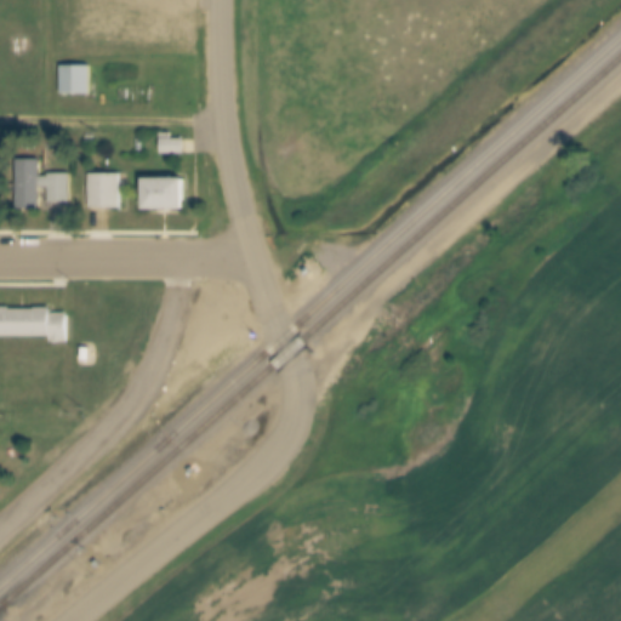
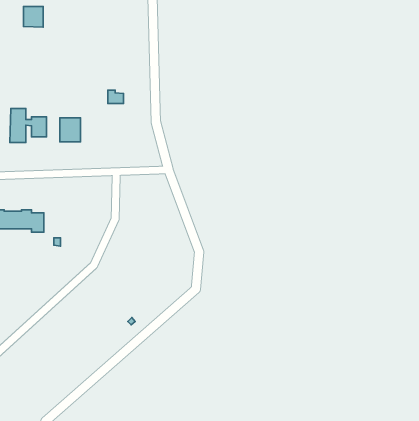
building: [58,63,87,93] -> [23,7,43,27]
building: [141,176,182,212] -> none

